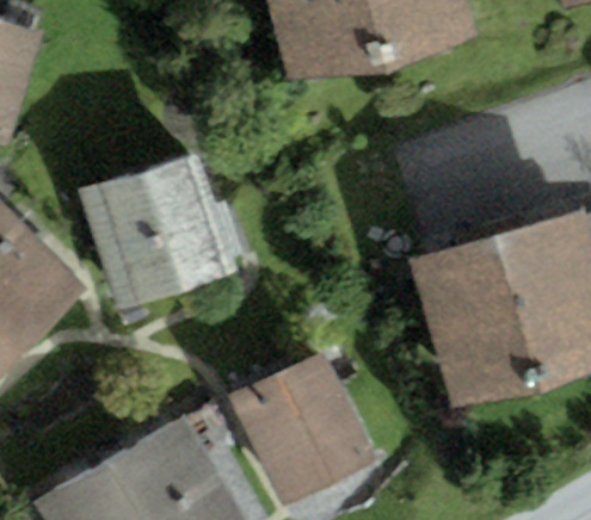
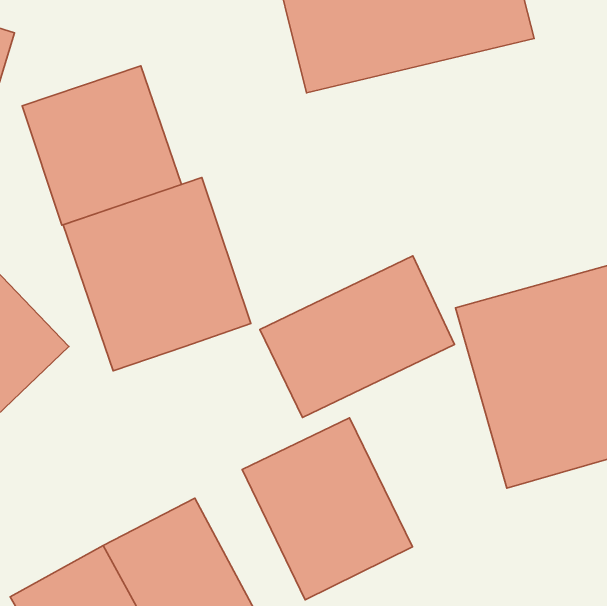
building: none -> [22,66,182,225]
building: none -> [260,256,454,417]

